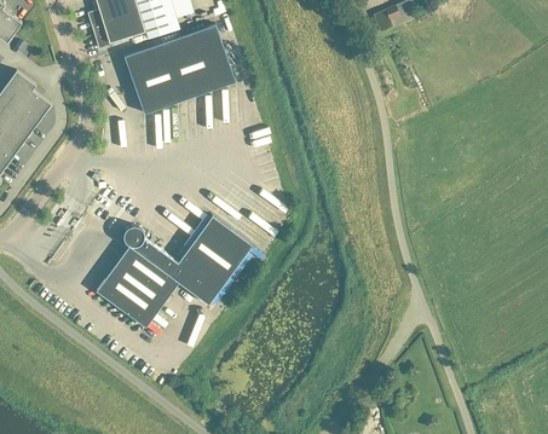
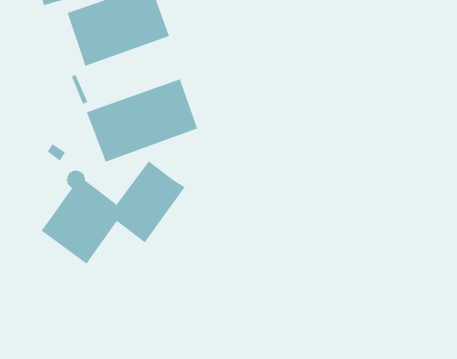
building: none -> [86,78,198,162]

